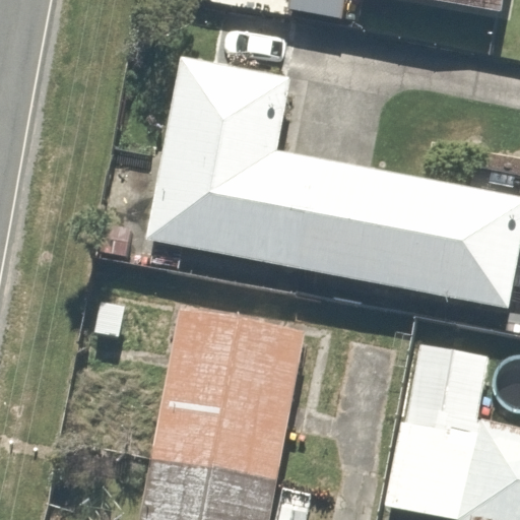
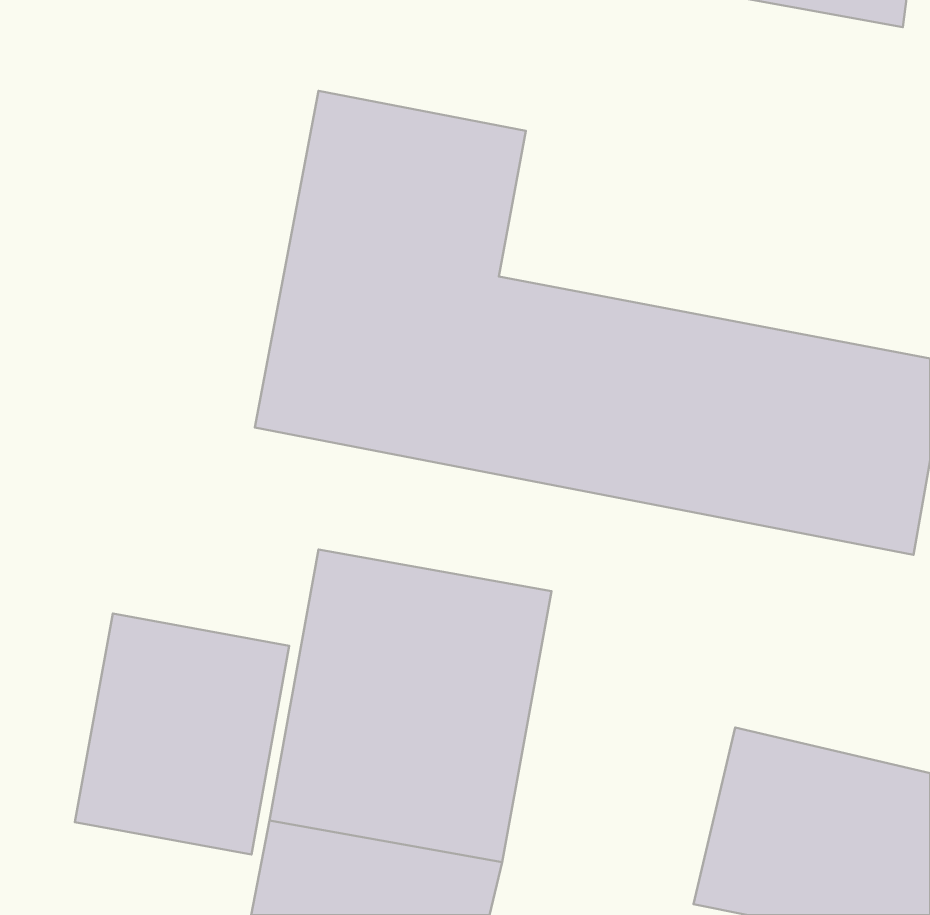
building: none -> [75,614,289,854]

